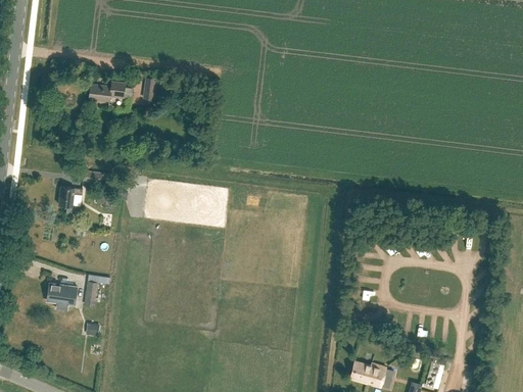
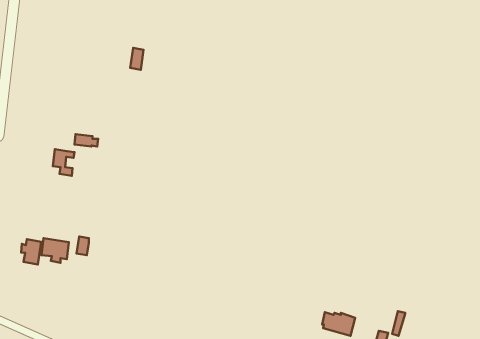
building: [89,81,125,101] -> none
building: none -> [21,239,41,265]

